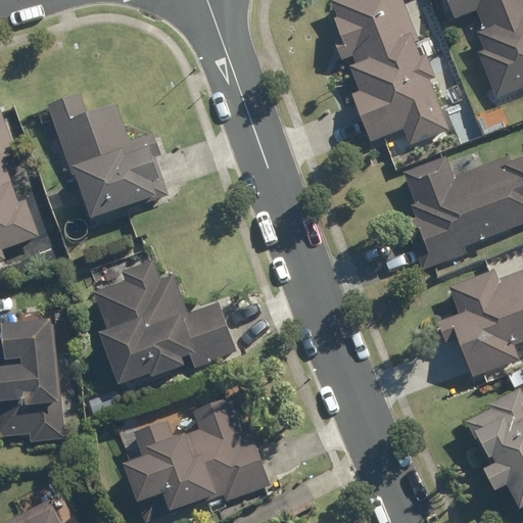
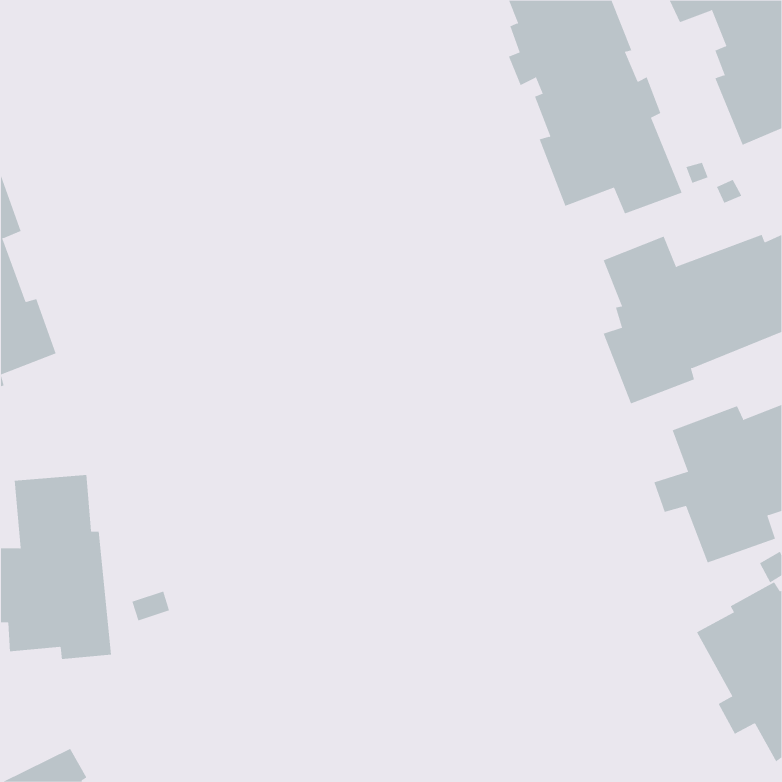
building: [47,94,158,217] -> none
building: [92,259,235,384] -> none
building: [137,396,276,518] -> none

